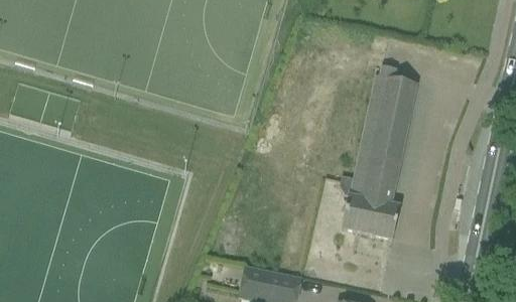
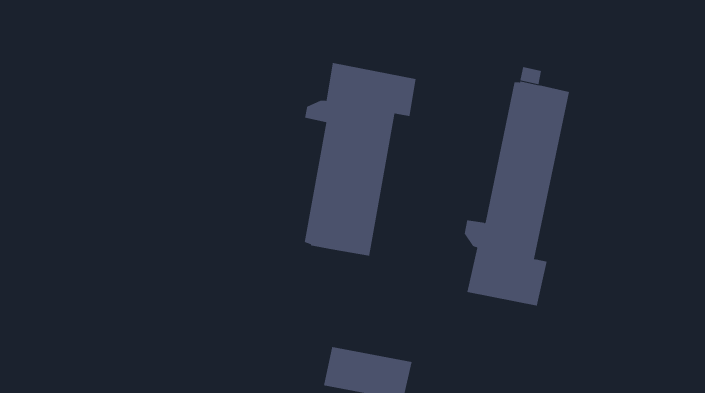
building: none -> [304,62,416,256]

